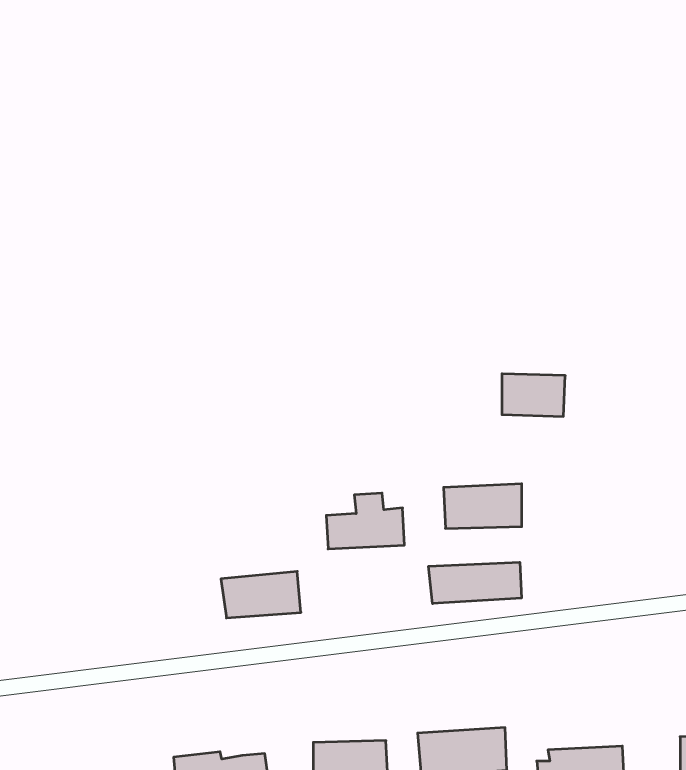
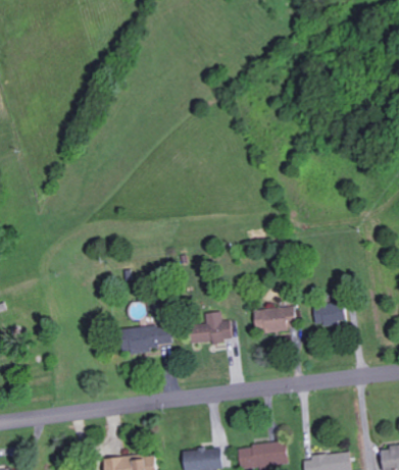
building: [502,374,565,416] -> [313,304,348,327]
building: [429,562,521,604] -> none
building: [221,571,301,618] -> [127,325,170,351]

